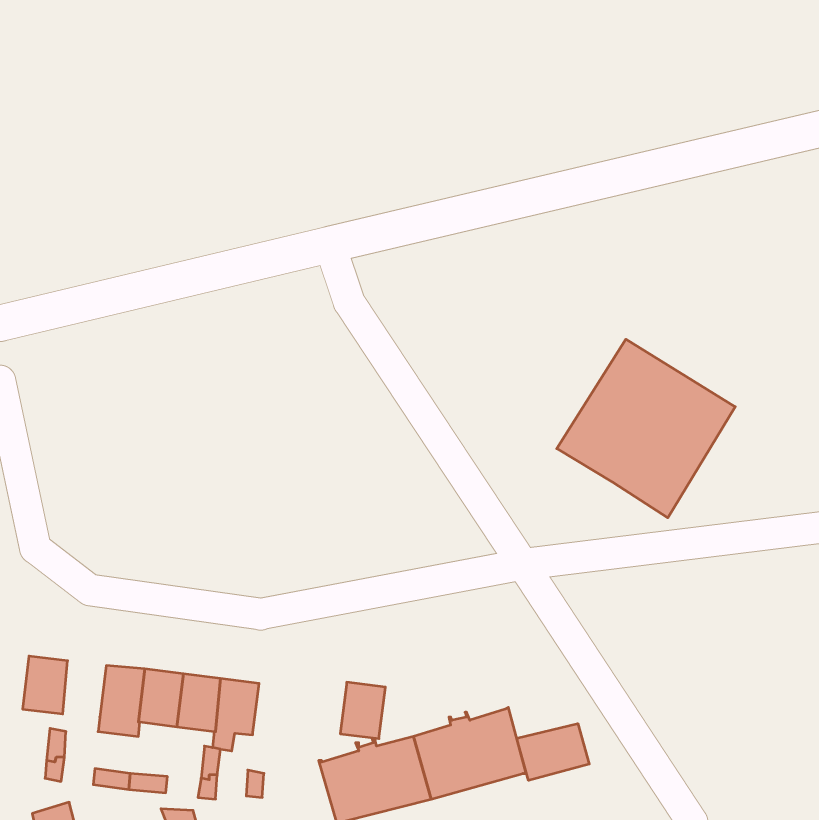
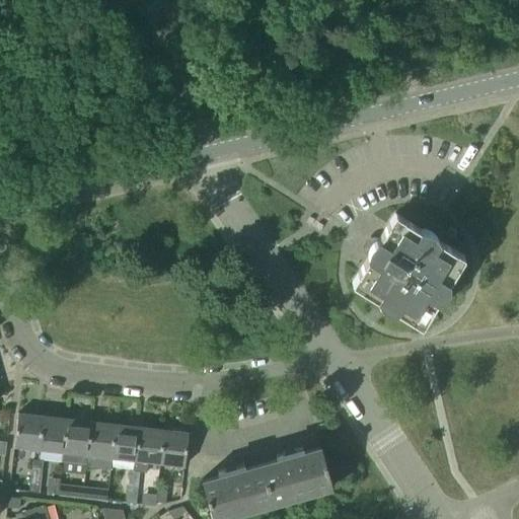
building: none -> [42,418,69,453]
building: [340,682,385,739] -> [161,432,190,467]
building: [517,724,589,780] -> none

